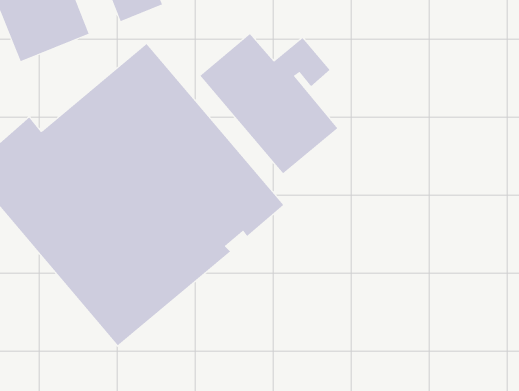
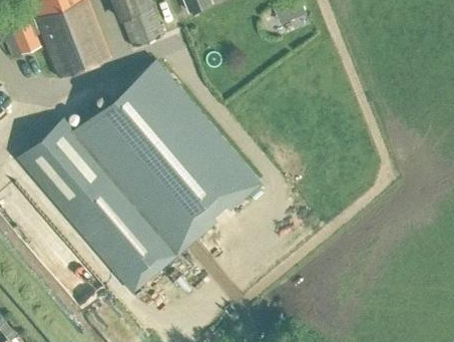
building: [200,33,338,174] -> none

